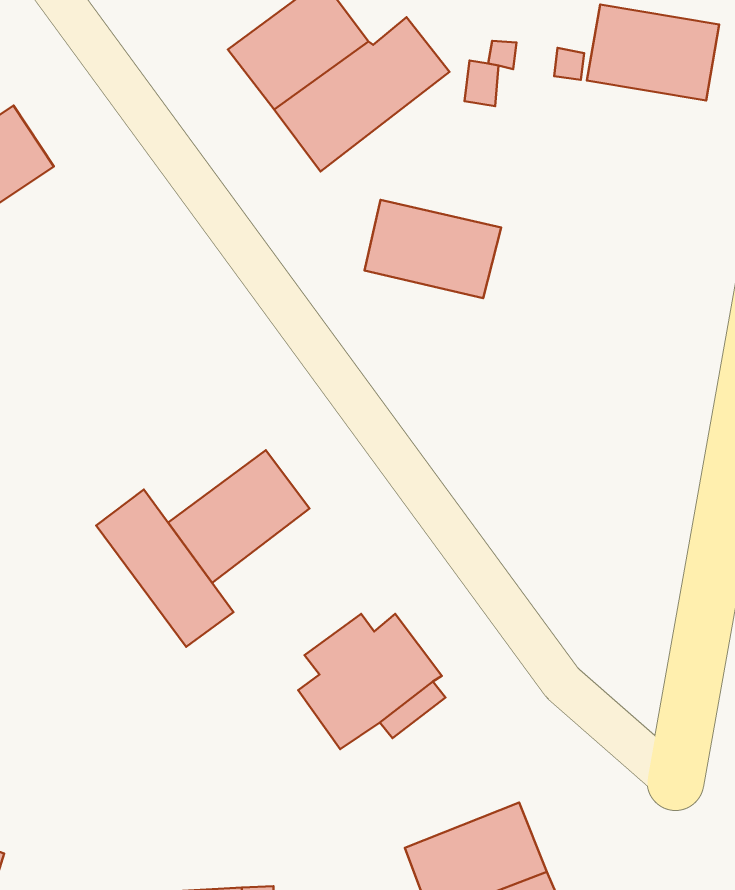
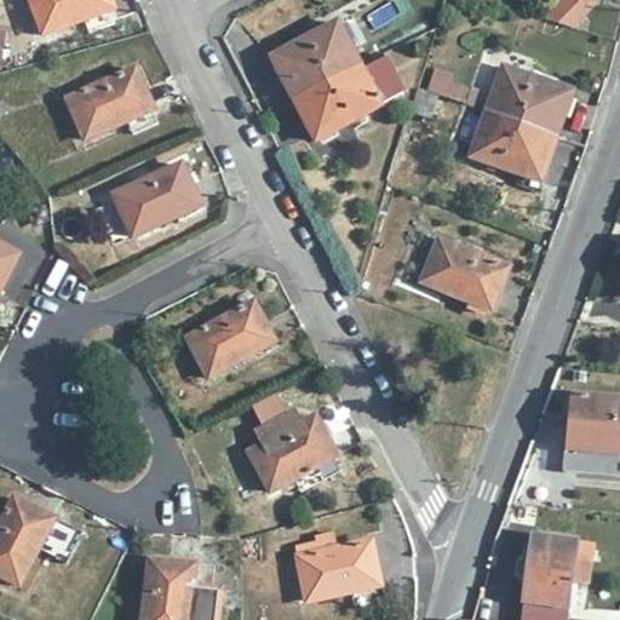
building: none -> [469,109,555,178]
building: [365,200,501,298] -> [419,236,506,306]
building: none -> [111,161,199,234]
building: [96,489,233,647] -> none

